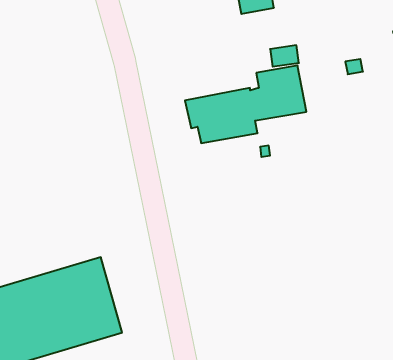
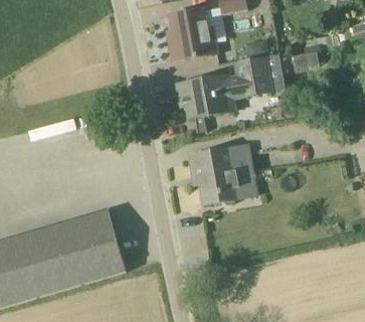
building: none -> [169,8,213,60]
building: none -> [191,145,252,203]

